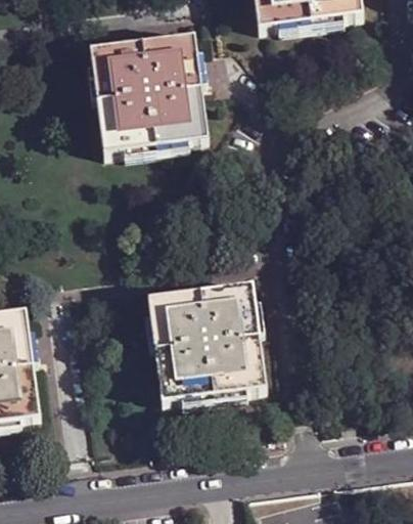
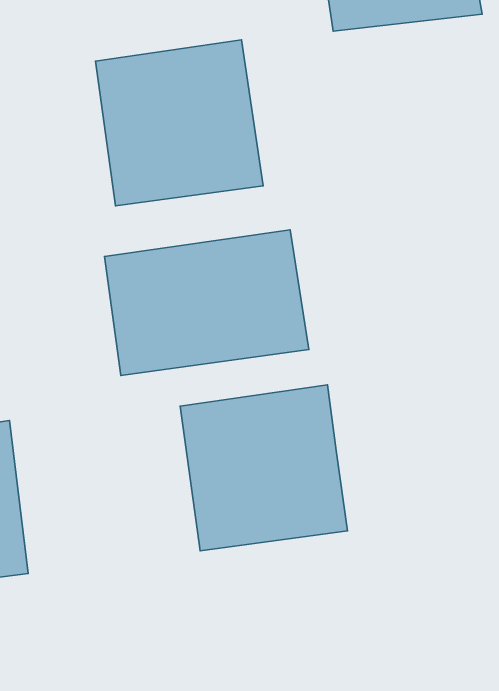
building: none -> [104,230,309,375]

